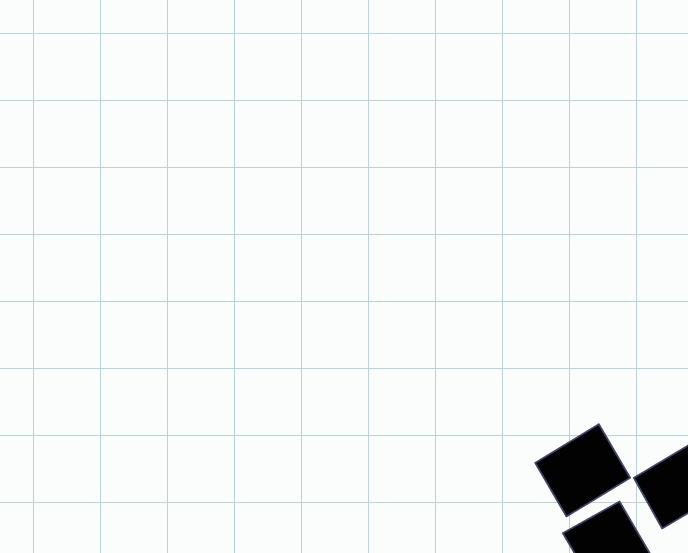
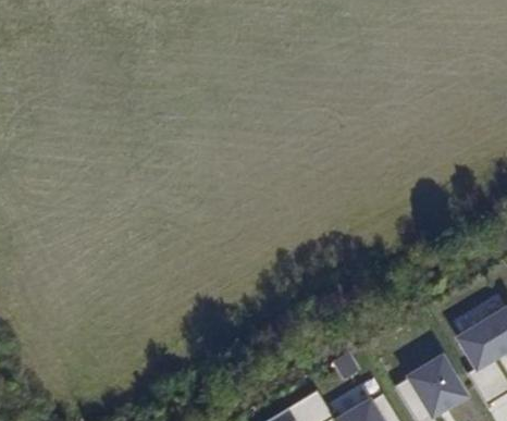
building: [535,424,630,517] -> none

